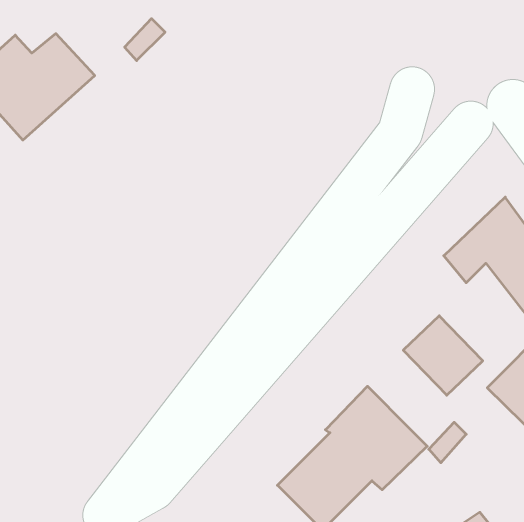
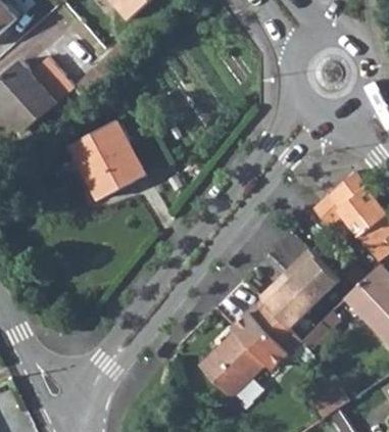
building: none -> [60,121,145,199]
building: none -> [260,274,314,328]

